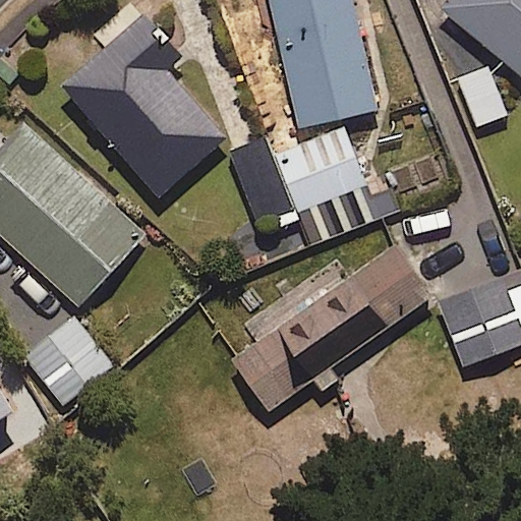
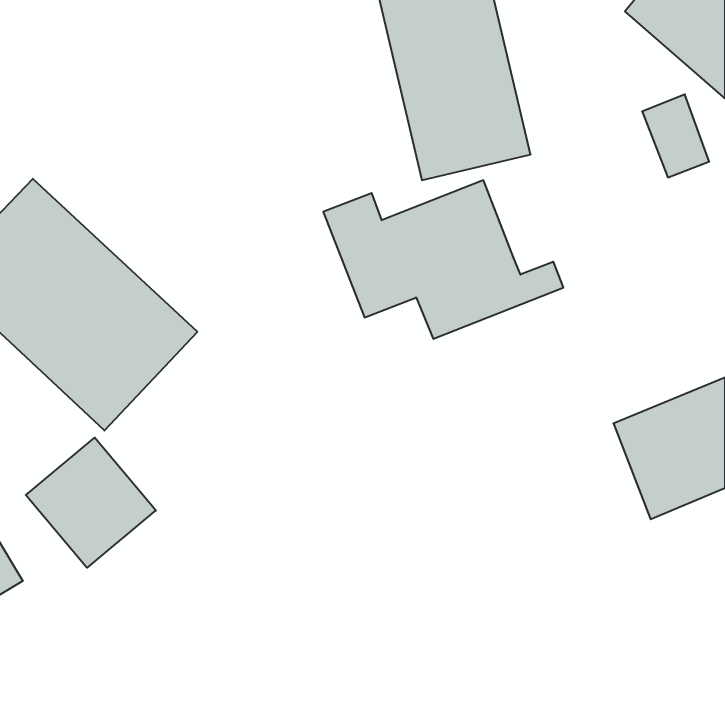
building: [63,14,225,194] -> none
building: [234,243,435,410] -> none

